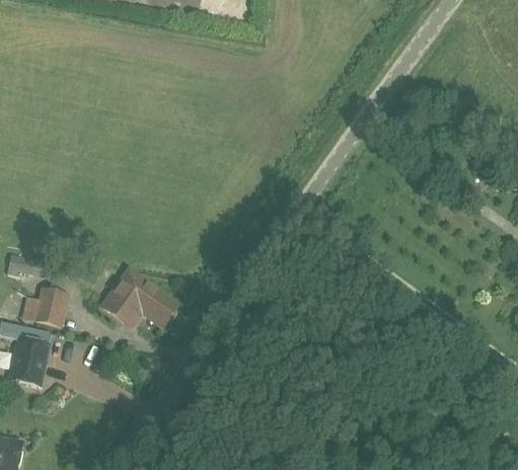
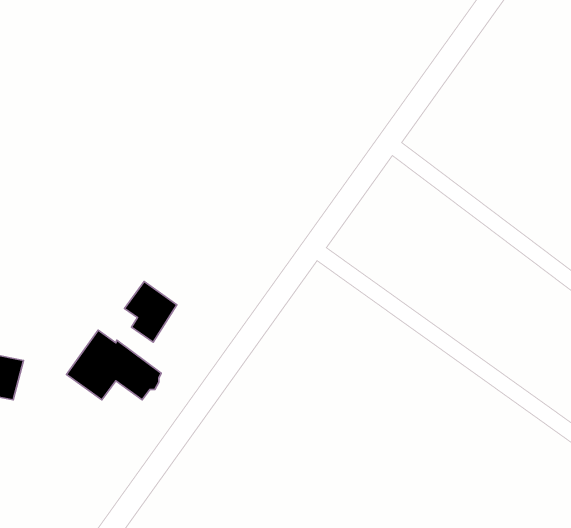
building: none -> [124,281,177,342]

